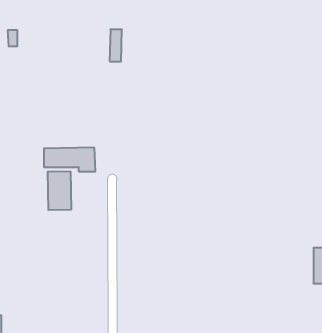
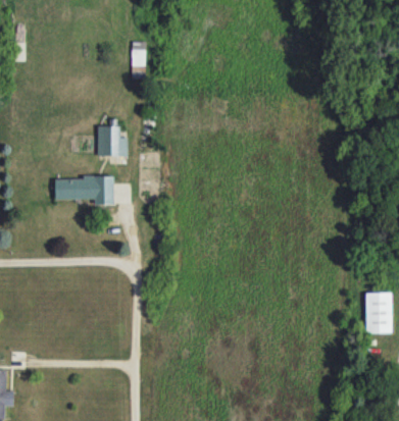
building: none -> [97,126,128,156]
building: [48,171,71,210] -> none

